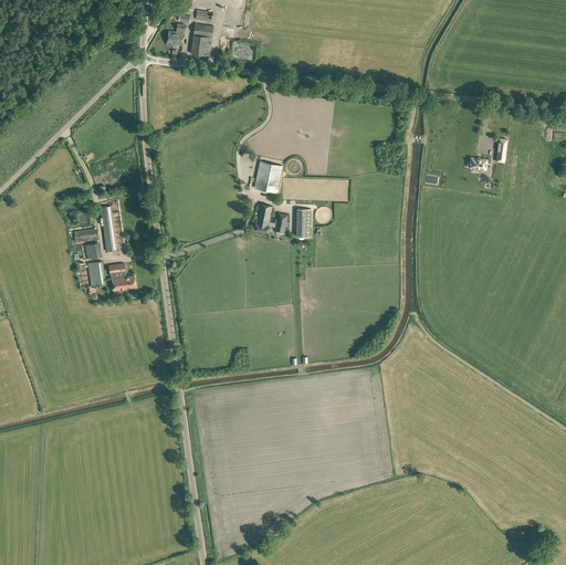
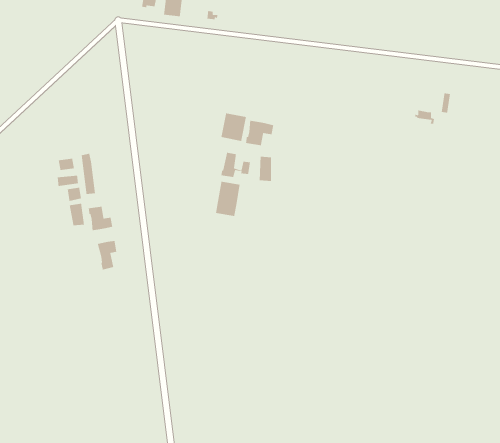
building: none -> [245,120,274,146]
building: none -> [215,181,241,217]
building: none -> [97,240,117,271]

